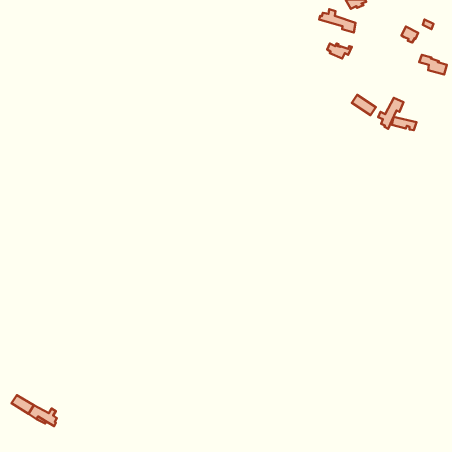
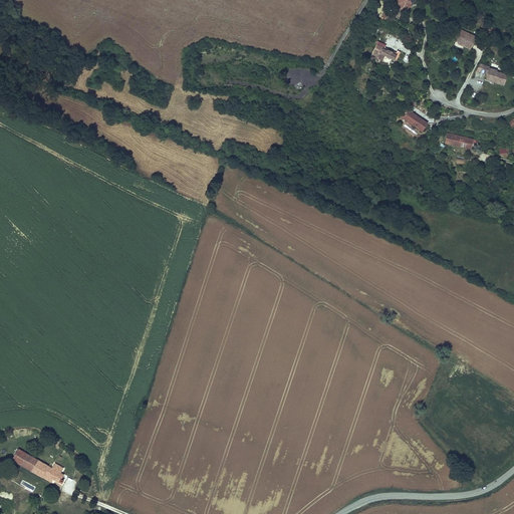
building: [319,9,356,32] -> none
building: [378,98,404,129] -> none

